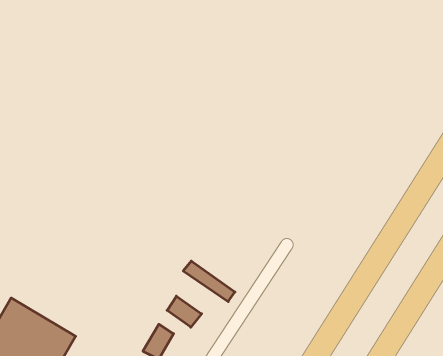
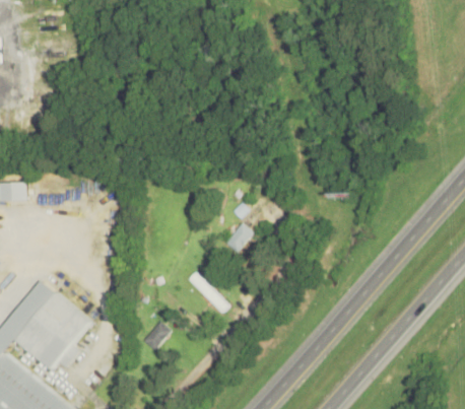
building: none -> [226,224,256,255]
building: [167,296,202,327] -> none

